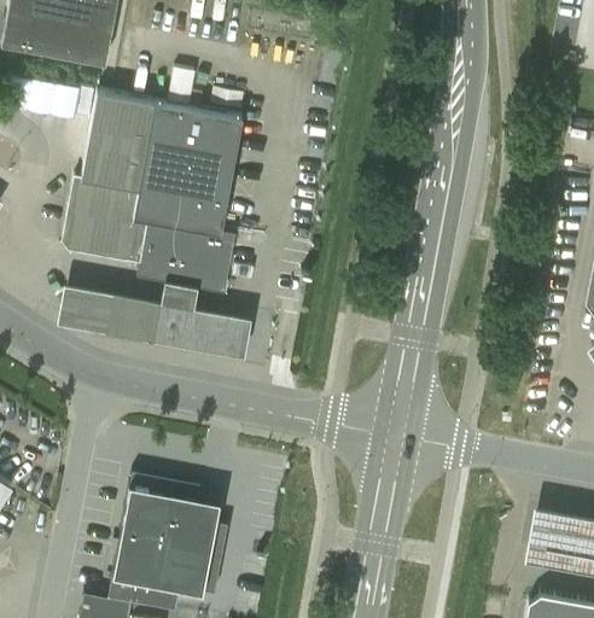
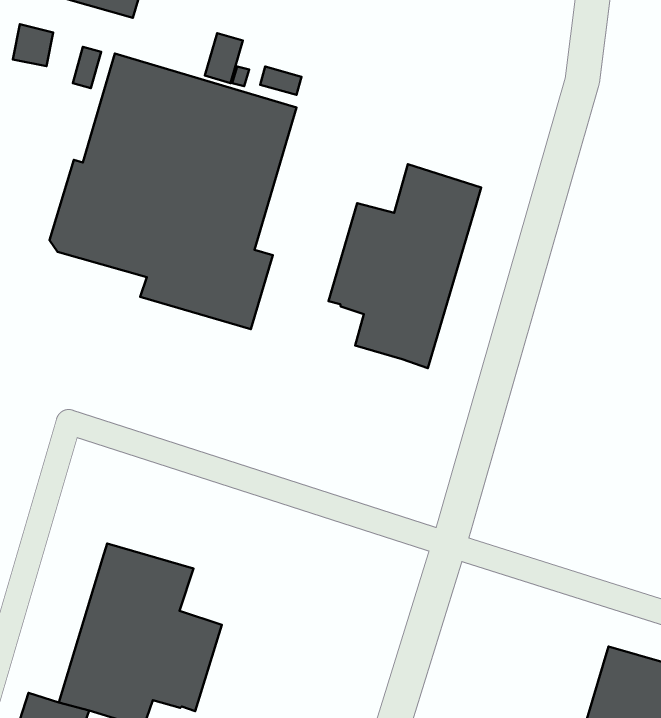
building: none -> [328,164,481,368]
building: [56,280,252,356] -> none

